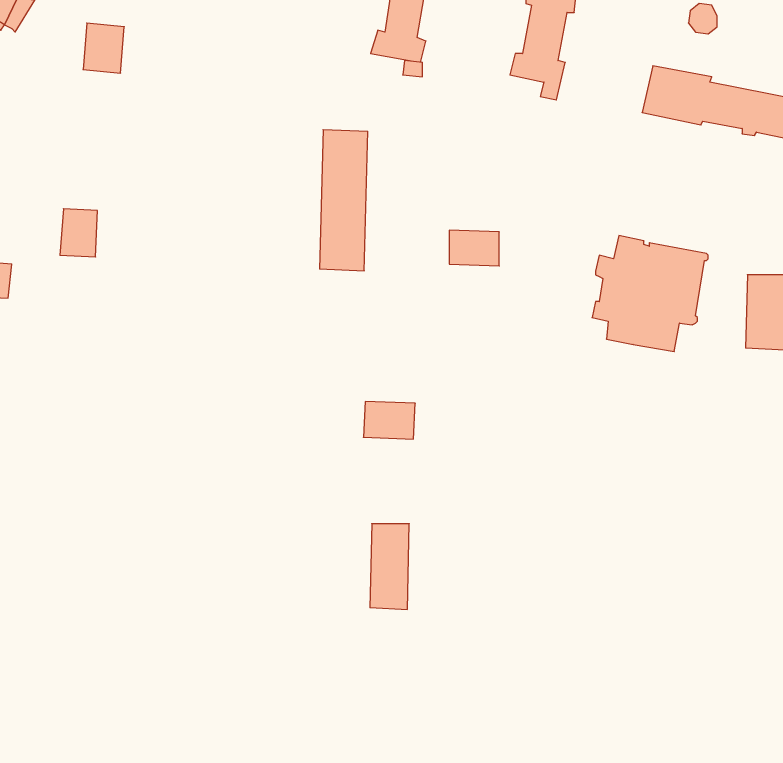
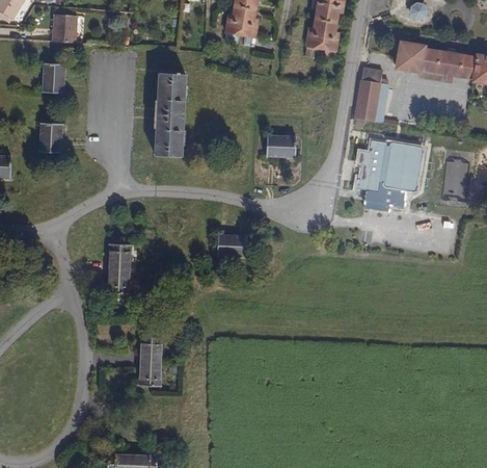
building: none -> [45,60,66,89]
building: none -> [350,68,382,121]
building: [320,130,368,271] -> [158,73,186,155]
building: none -> [110,244,132,293]
building: [370,524,409,609] -> [141,336,164,386]

